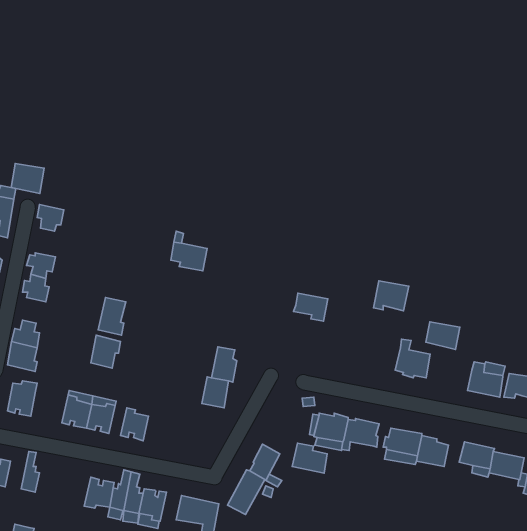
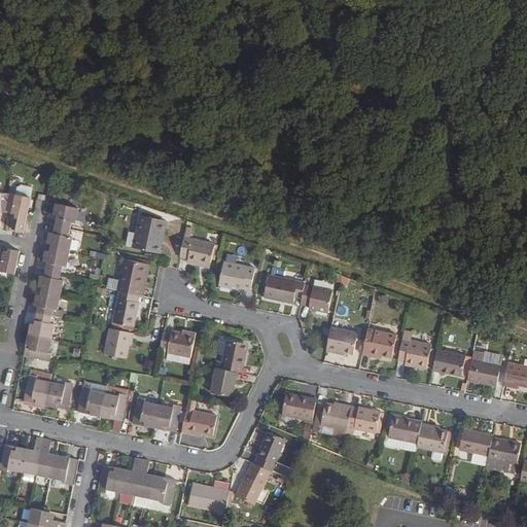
building: [11,163,44,193] -> none
building: none -> [125,213,166,251]
building: none -> [45,223,72,251]
building: none -> [115,257,146,294]
building: none -> [224,261,255,289]
building: [373,281,409,311] -> [361,329,395,358]
building: none -> [262,276,304,304]
building: none -> [33,290,66,318]
building: [426,322,460,349] -> [433,350,466,377]
building: none -> [323,328,356,353]
building: none -> [159,330,192,356]
building: none -> [45,380,73,410]
building: none -> [181,397,217,435]
building: none -> [153,403,181,432]
building: [292,443,327,473] -> [280,391,314,420]
building: none -> [21,436,43,475]
building: none -> [49,454,77,486]

